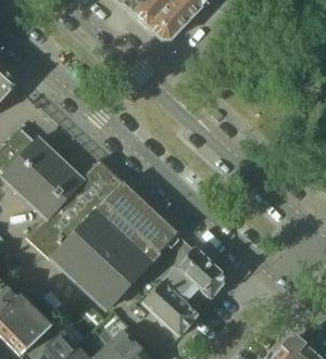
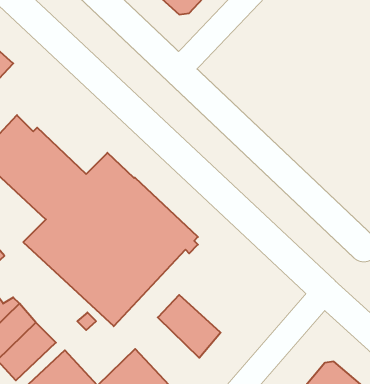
building: [161,247,223,315] -> none

